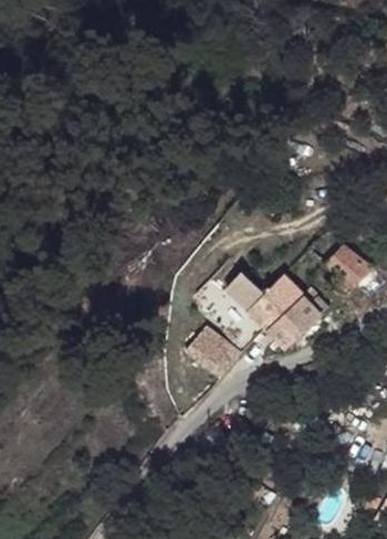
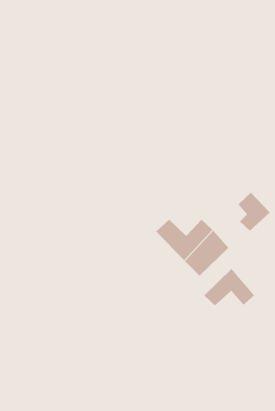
building: [192,326,241,371] -> none
building: none -> [204,268,255,306]

